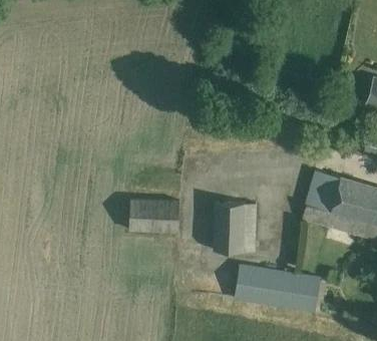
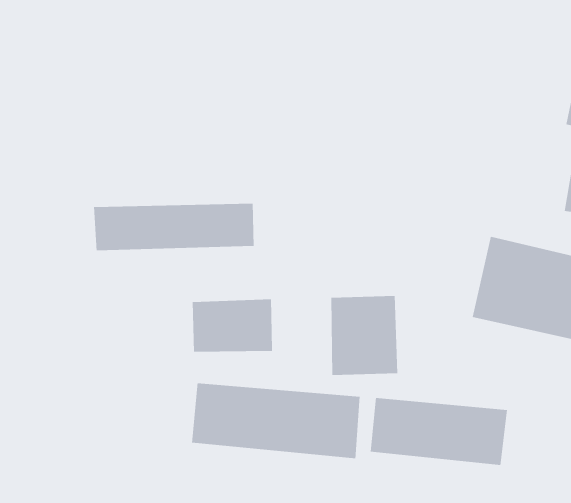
building: none -> [94,203,254,251]
building: none -> [191,382,360,459]

